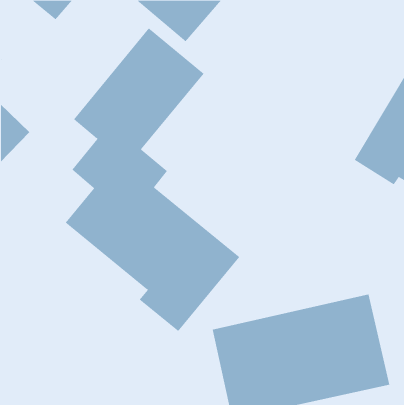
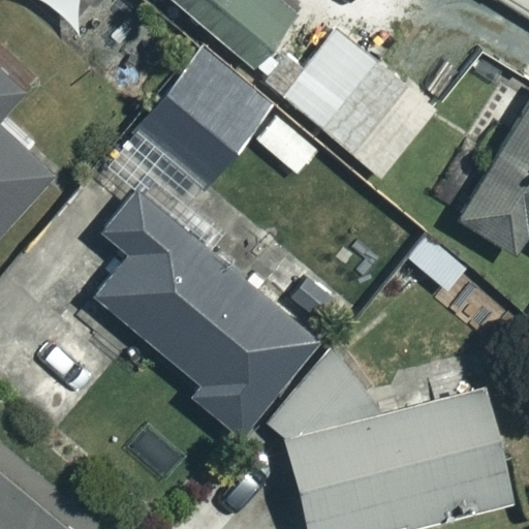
building: none -> [285,31,436,176]

